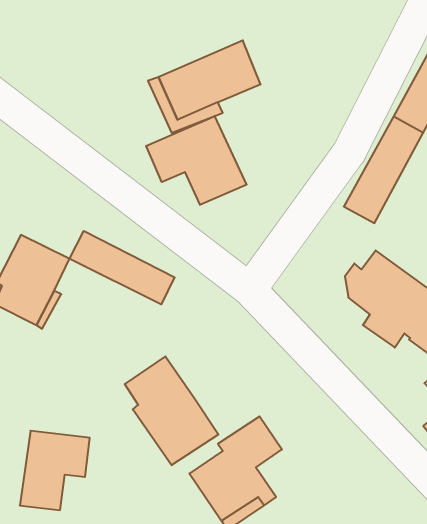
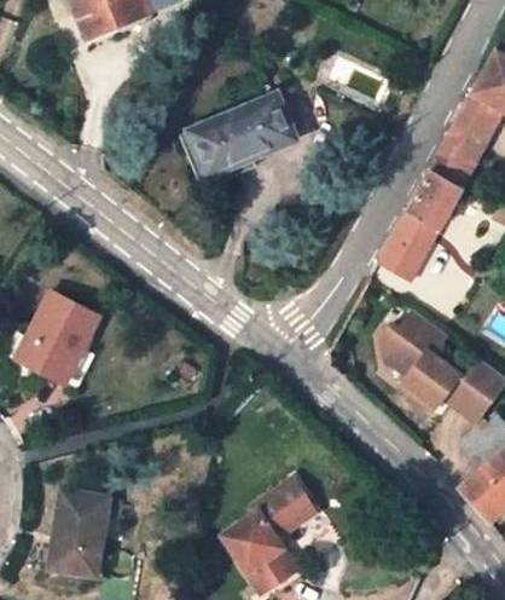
building: [146,116,247,205] -> none
building: [70,231,175,304] -> none
building: [125,356,218,465] -> none

